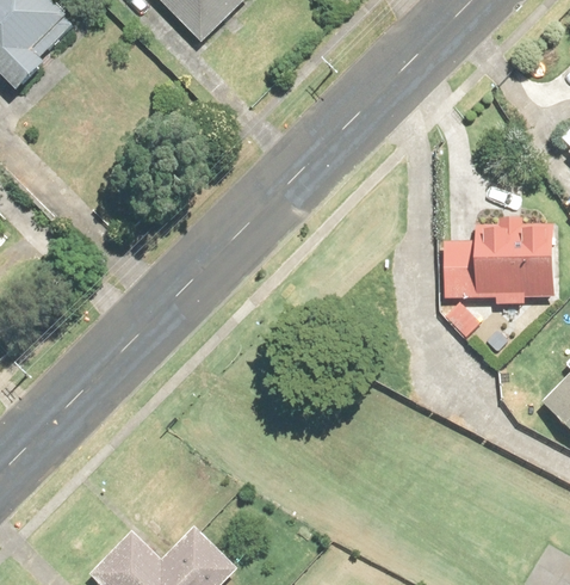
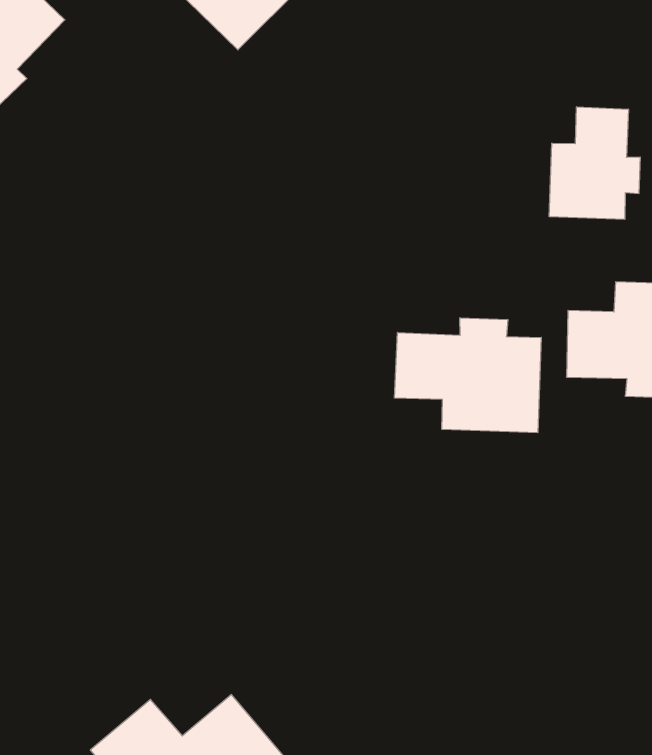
building: none -> [549,107,640,219]
building: none -> [395,318,541,433]

